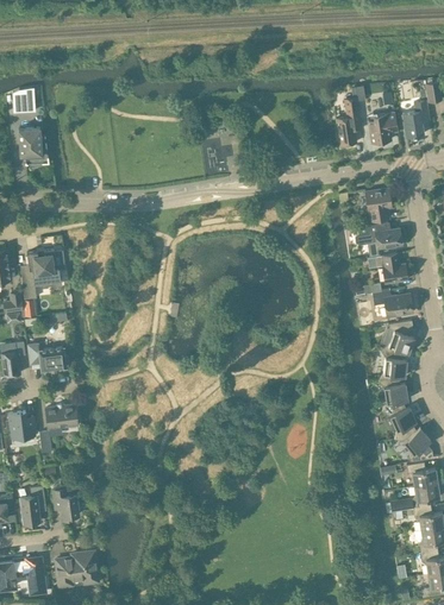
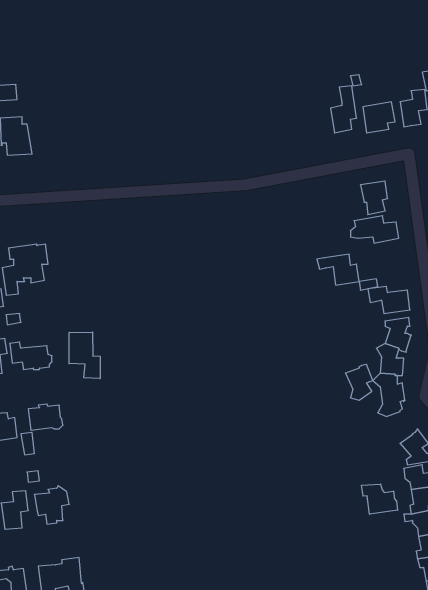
building: [367,253,407,283] -> [317,254,359,285]
building: none -> [69,332,100,379]
building: [389,407,415,441] -> [345,364,373,400]
building: none -> [362,484,398,514]

